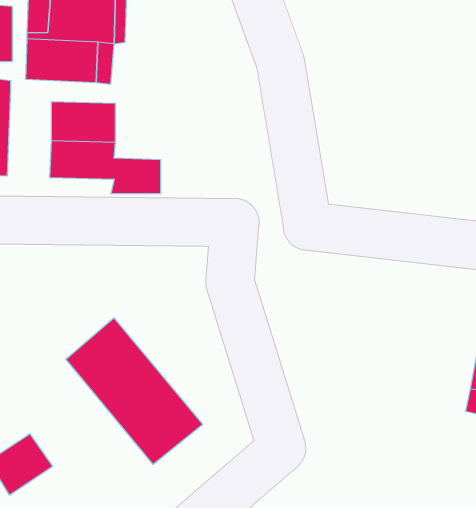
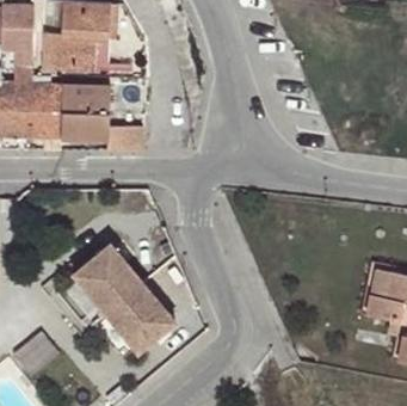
building: none -> [30,74,62,140]

